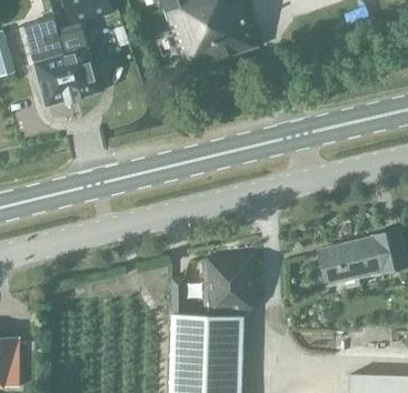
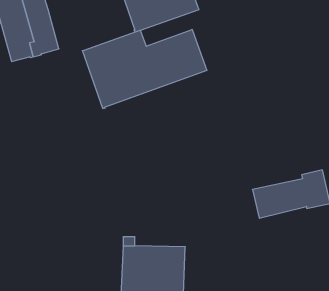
building: none -> [82,29,207,109]
building: [202,256,253,311] -> none

